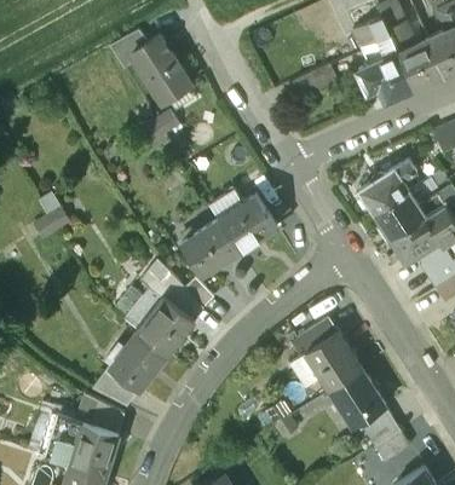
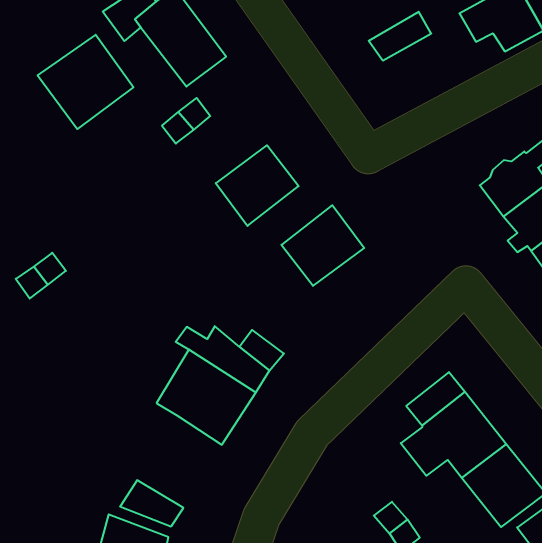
building: none -> [38,35,133,129]
building: [182,218,238,272] -> [216,145,299,226]
building: [109,329,166,388] -> none

